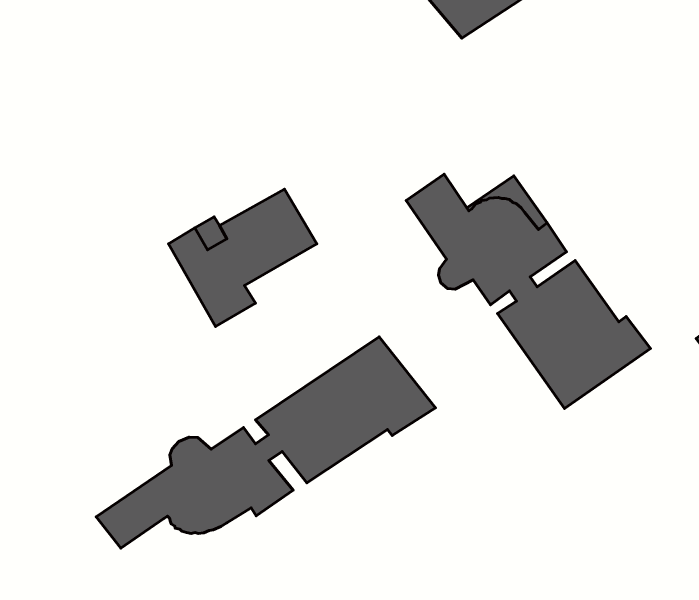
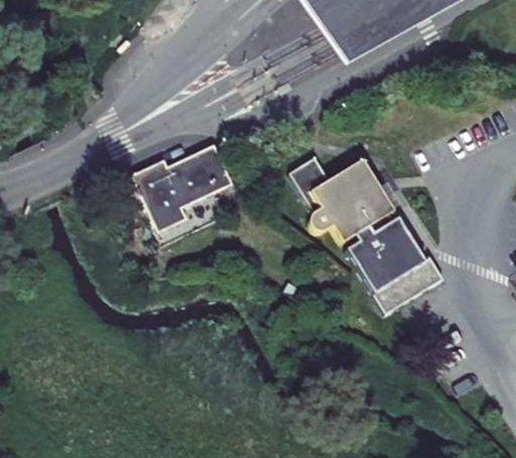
building: [96,337,436,548] -> none

